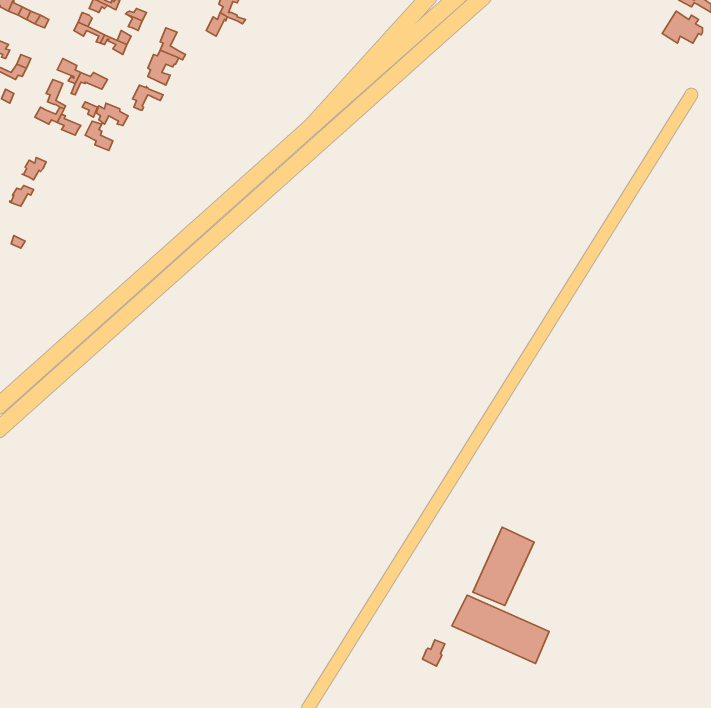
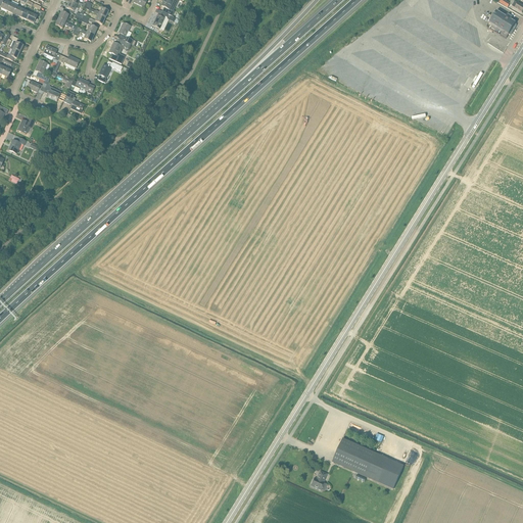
building: [473,527,534,605] -> none

